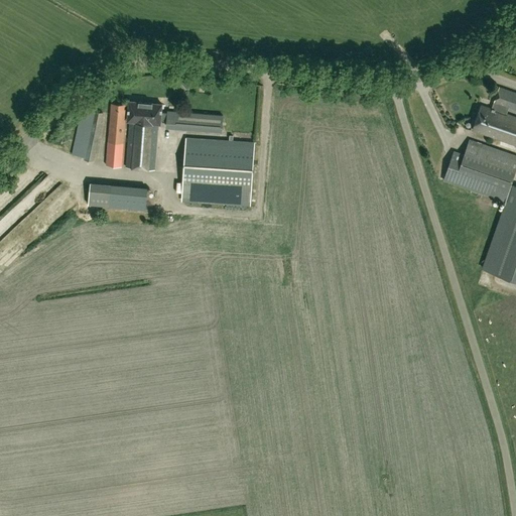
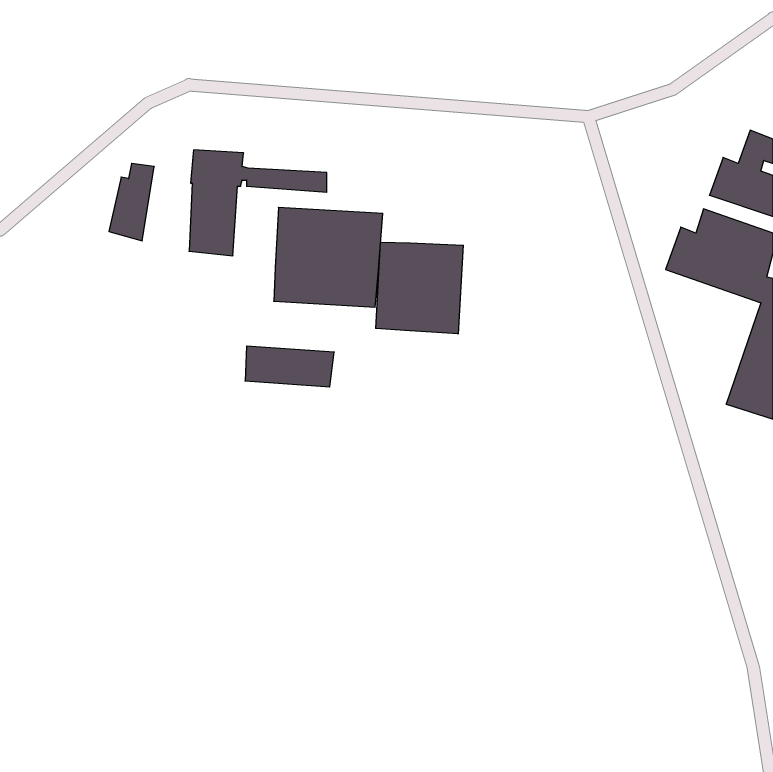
building: [107,103,127,166] -> none
building: none -> [376,242,463,334]
building: [89,182,148,210] -> [245,346,334,387]

